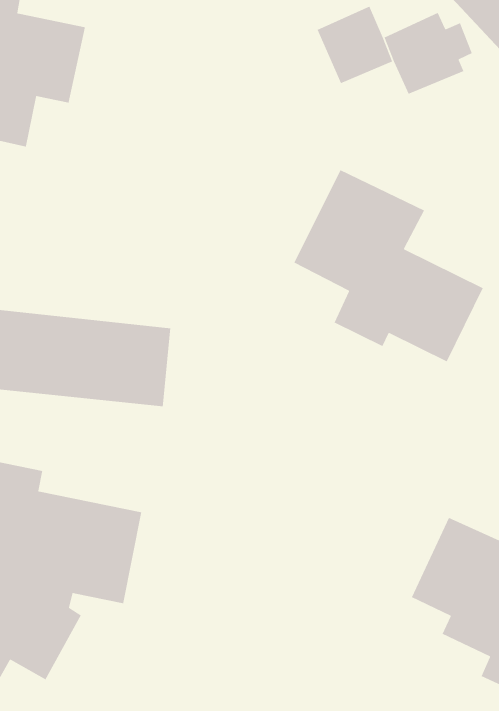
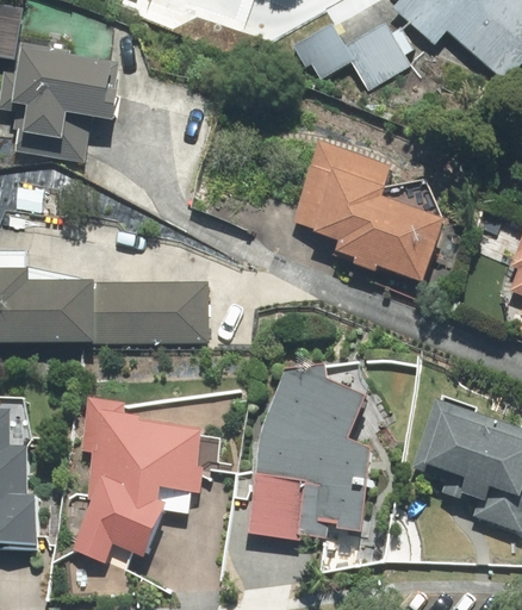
building: none -> [246,362,372,540]

